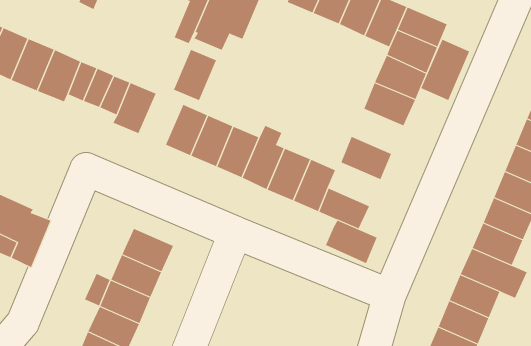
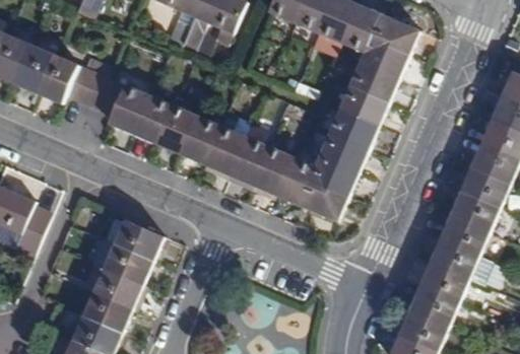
building: [421,39,470,101] -> none
building: [173,49,217,101] -> [131,94,172,142]
building: none -> [328,109,377,150]
building: [325,220,378,264] -> [307,158,355,199]

